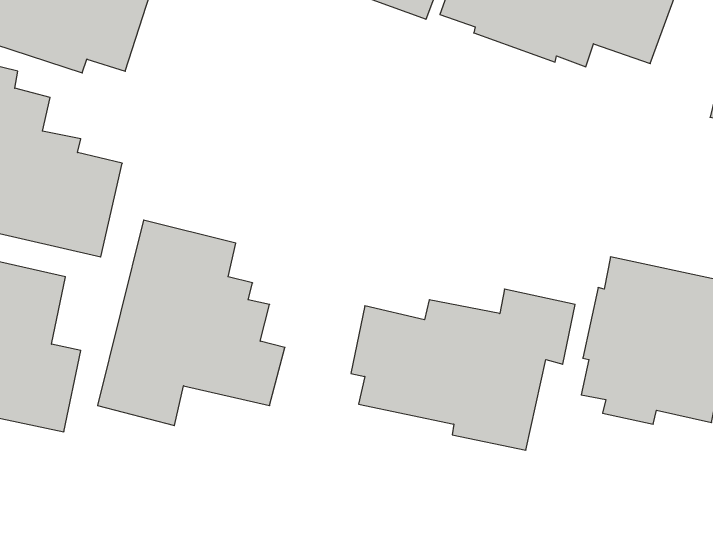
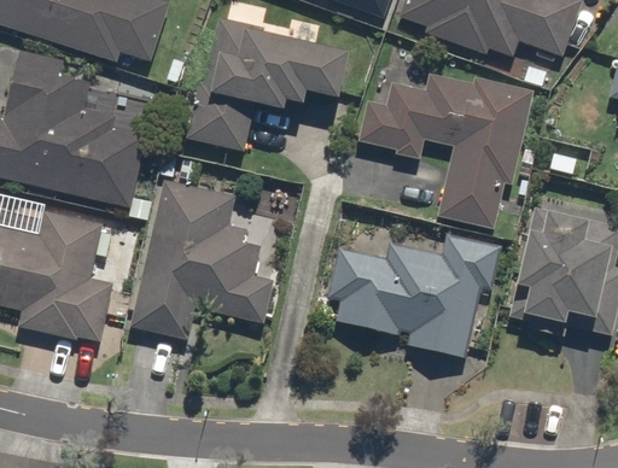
building: none -> [182,16,345,151]
building: none -> [356,71,535,229]

